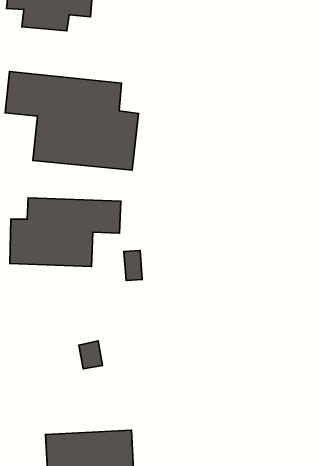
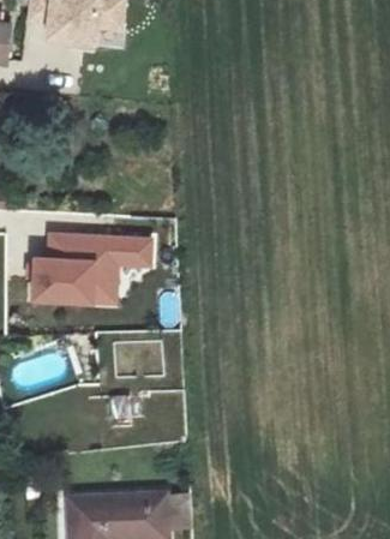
building: [5,71,139,170] -> none

